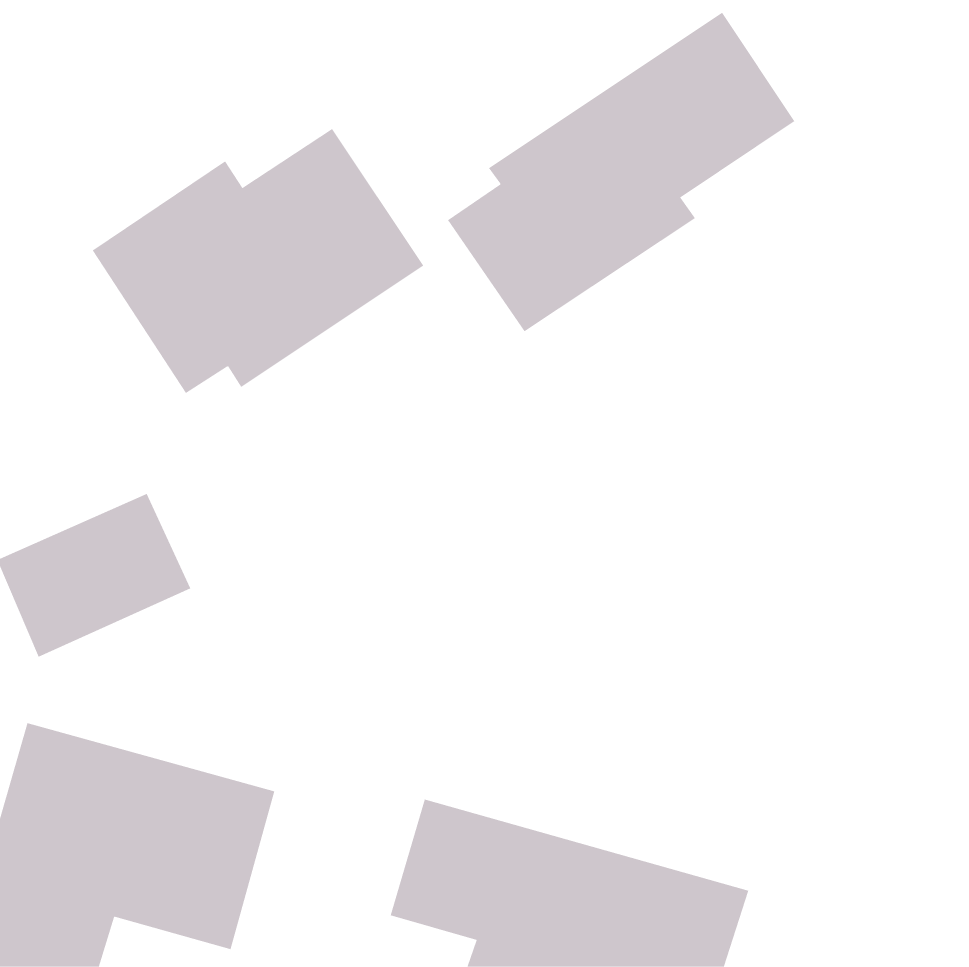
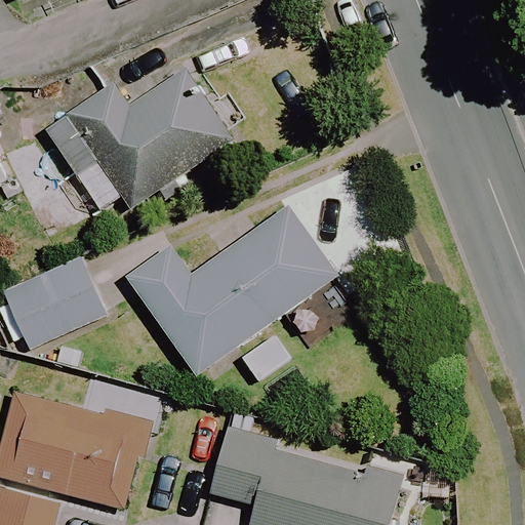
building: [447,12,795,332] -> none
building: none -> [128,206,337,375]

